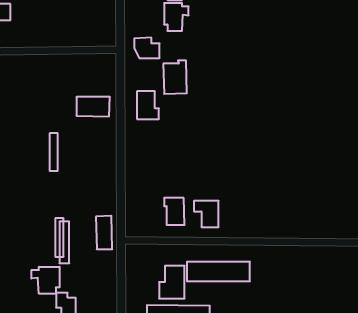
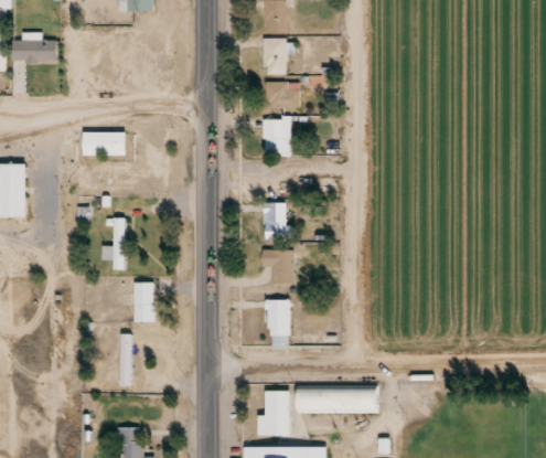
building: [134,38,160,58] -> [266,81,300,108]
building: [137,91,159,119] -> [261,203,291,241]
building: [76,97,110,116] -> [82,130,127,157]
building: [194,201,219,227] -> [260,249,293,285]
building: [96,216,112,249] -> [132,279,154,324]
building: [31,267,60,294] -> none

